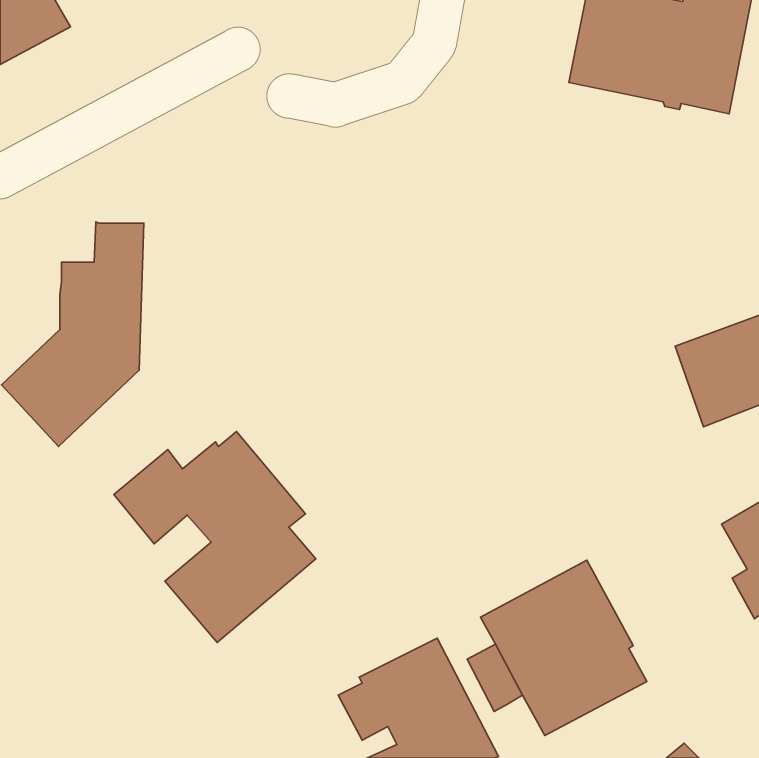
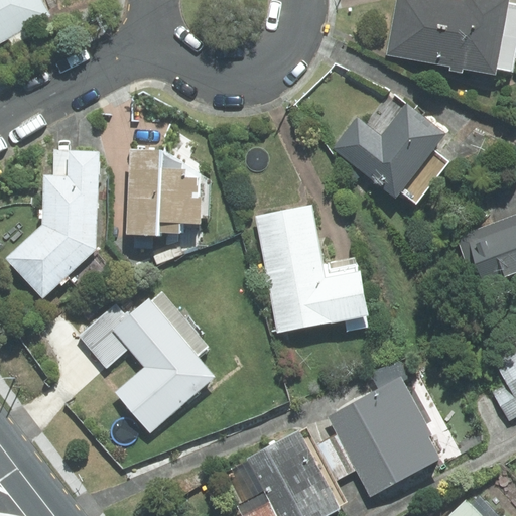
building: none -> [334,102,446,196]
building: none -> [124,149,200,238]
building: none -> [257,205,367,332]

